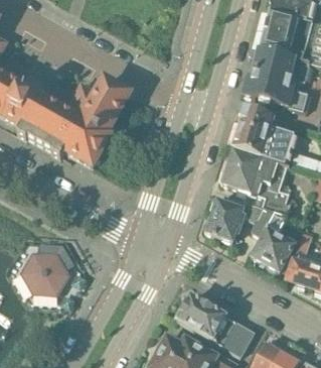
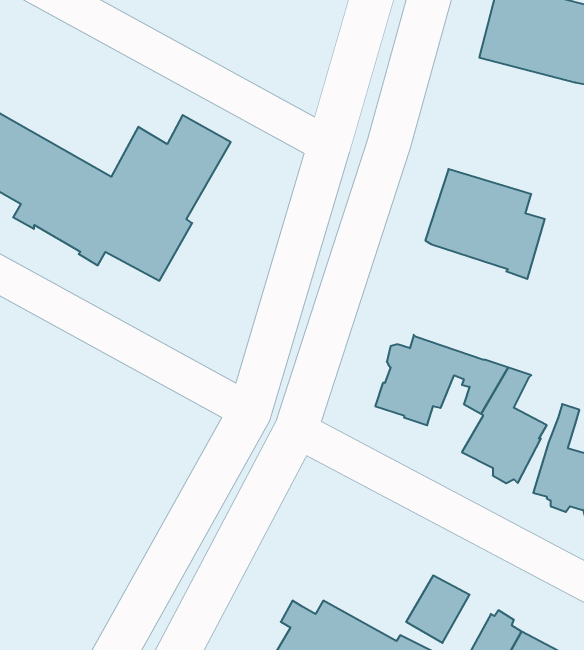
building: [243,48,309,111] -> none
building: [219,146,292,215] -> none
building: [20,244,72,296] -> none
building: [176,296,234,344] -> none

